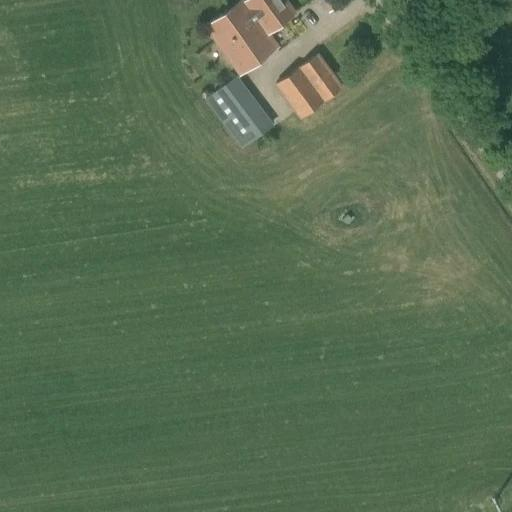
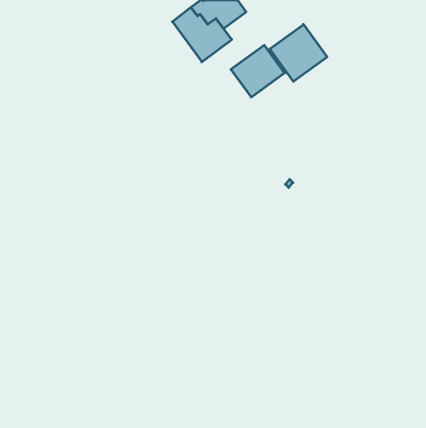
building: none -> [270,24,327,81]
building: [207,76,274,147] -> none

